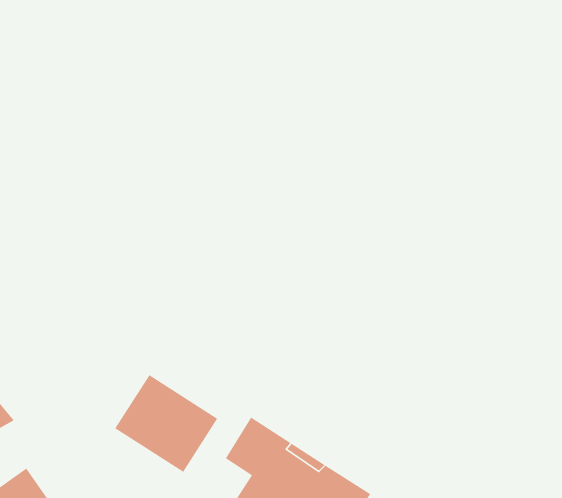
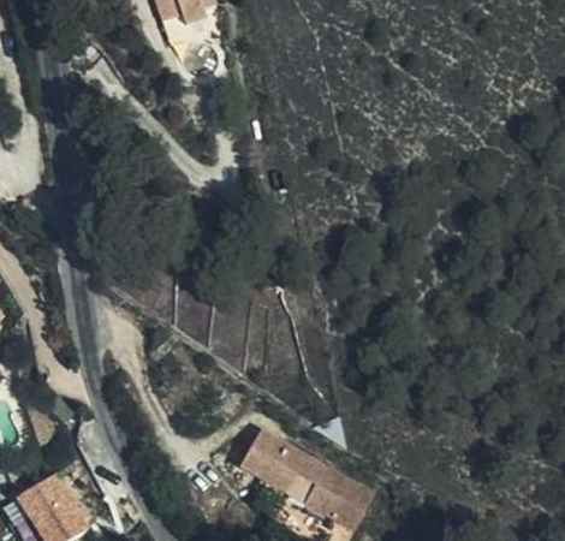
building: [114,374,218,473] -> none

